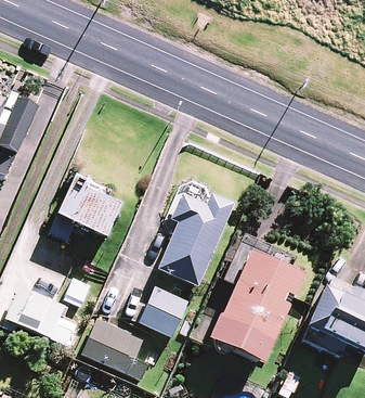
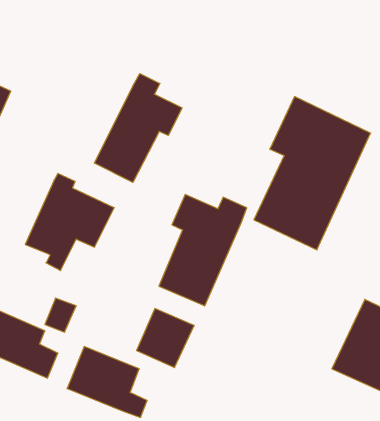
building: none -> [94,74,182,182]
building: [209,236,305,363] -> [254,97,371,250]

